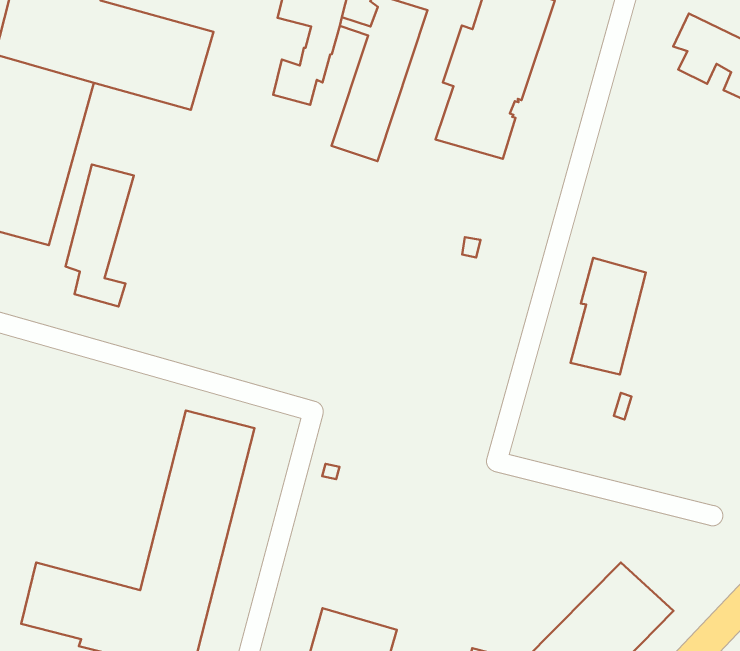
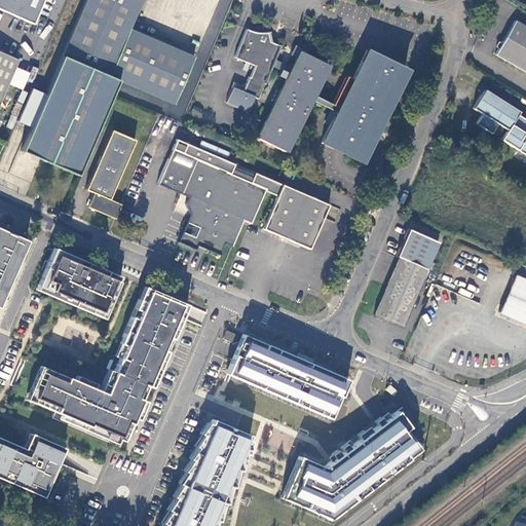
building: none -> [159,139,330,254]
building: none -> [376,291,414,327]
building: none -> [38,249,124,320]
building: none -> [228,334,353,420]

